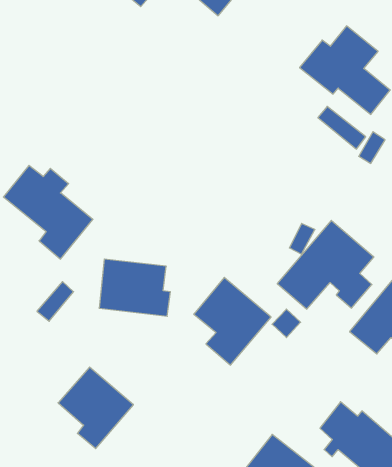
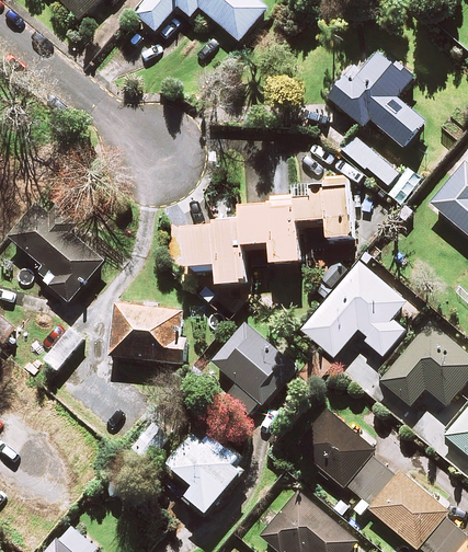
building: none -> [181,176,352,286]
building: none -> [293,407,369,487]
building: [58,367,133,449] -> [164,425,246,513]

